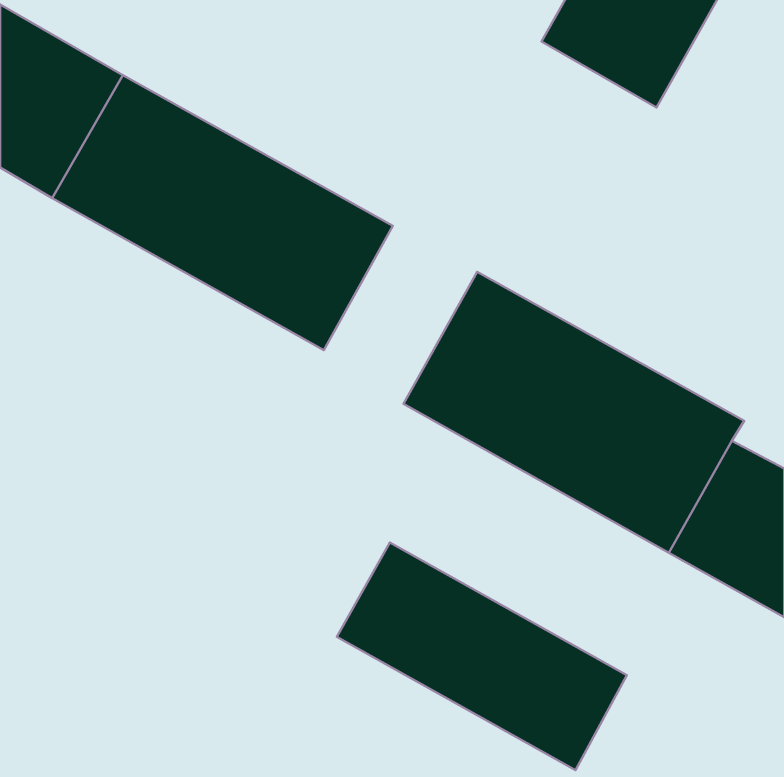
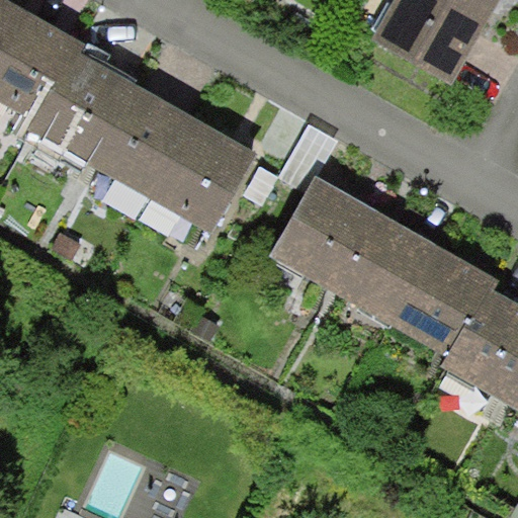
building: [337,542,627,770] -> none

